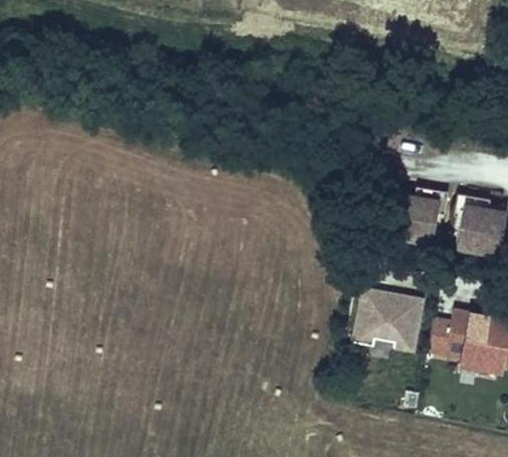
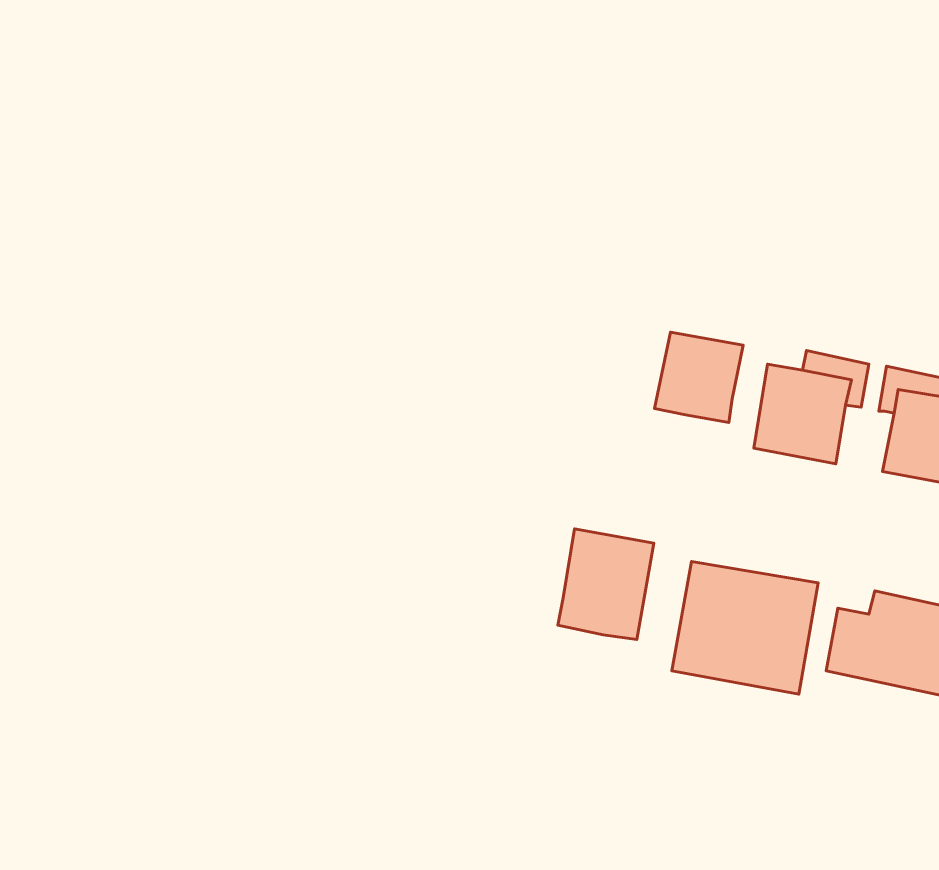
building: none -> [655,332,743,422]
building: none -> [558,529,654,640]

